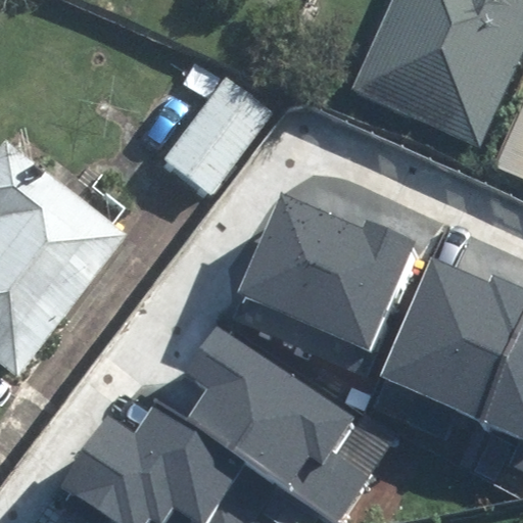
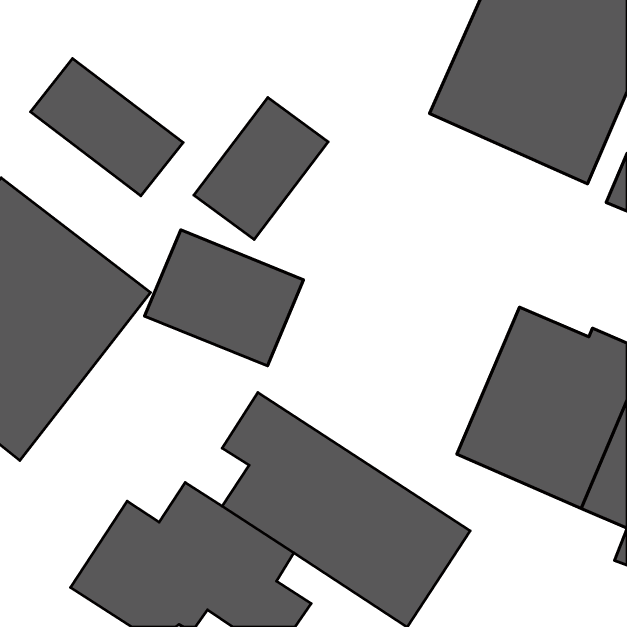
building: none -> [31,59,183,196]
building: none -> [144,230,304,366]
building: [228,192,417,373] -> none

